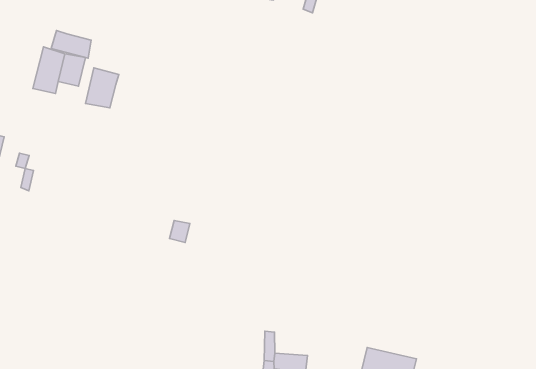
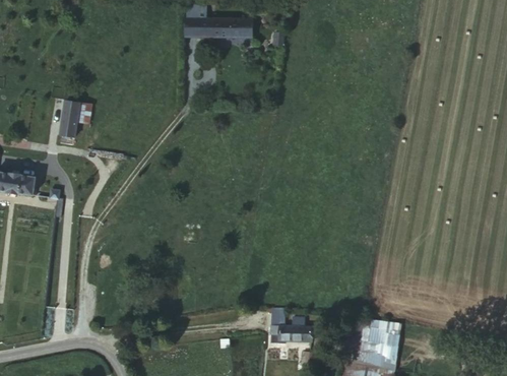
building: [51,31,91,58] -> none
building: [85,68,119,108] -> none

